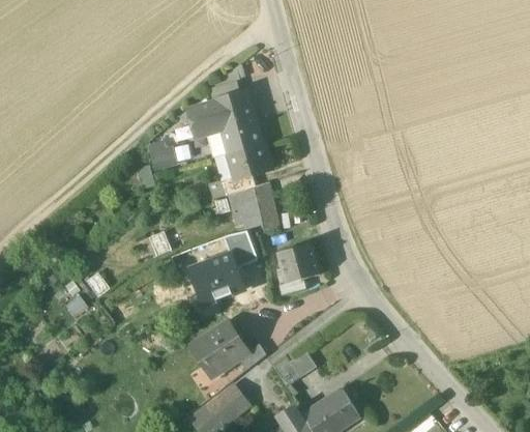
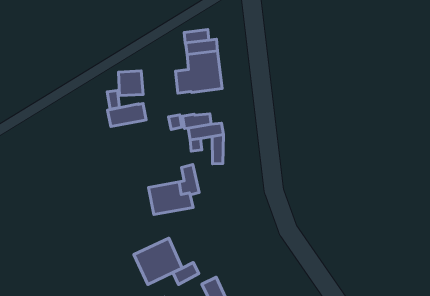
building: [186,104,222,139] -> none
building: [229,145,272,180] -> none
building: [190,237,235,268] -> [108,103,146,127]
building: [276,244,319,285] -> none

